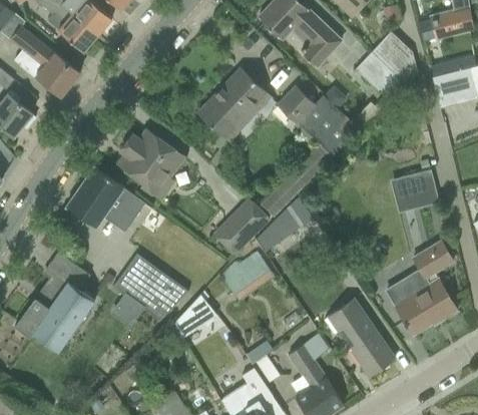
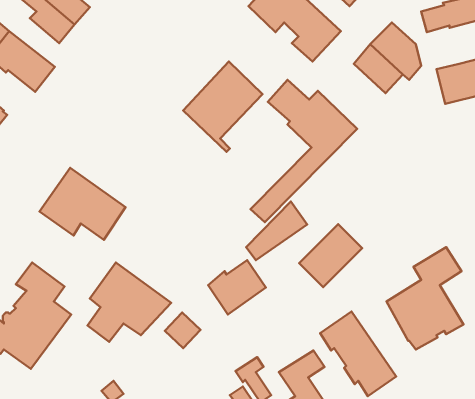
building: [120,130,185,201] -> none
building: [390,169,439,214] -> none
building: [212,197,271,256] -> [299,224,362,287]

